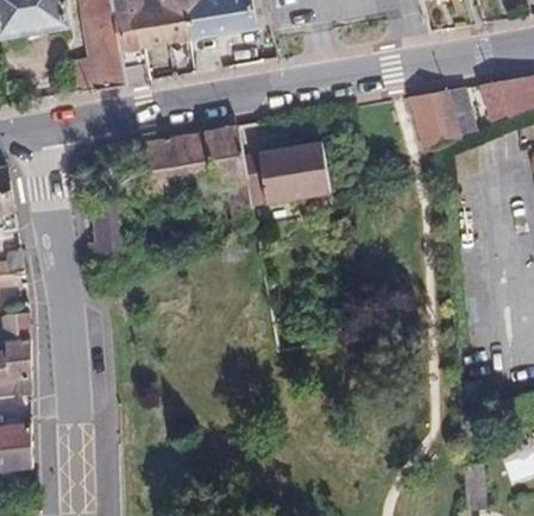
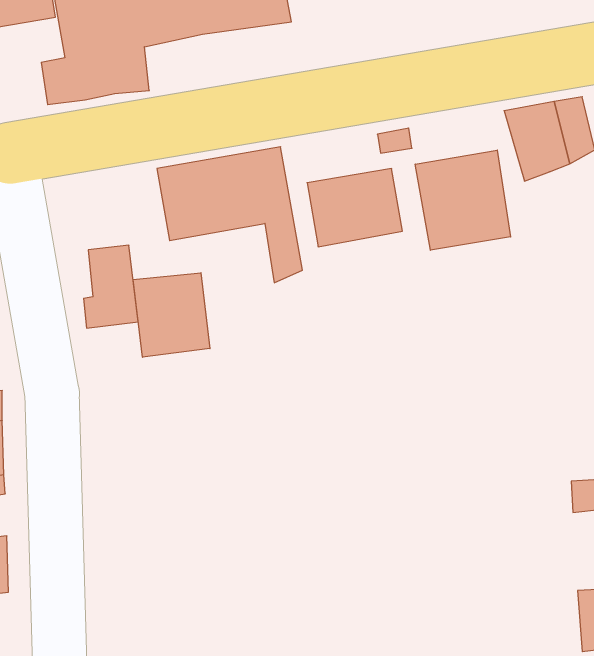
building: none -> [415,150,511,250]
building: none -> [133,273,210,357]

